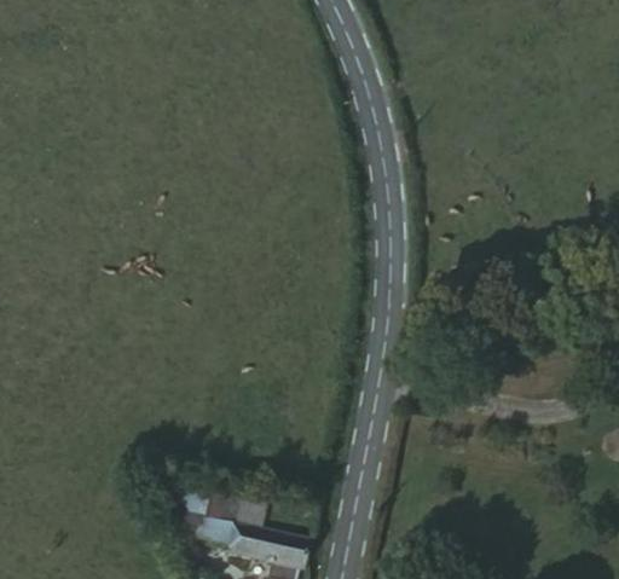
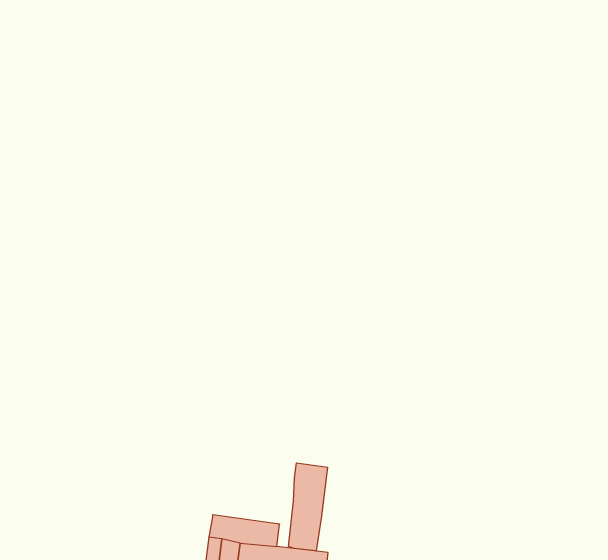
building: none -> [289,463,328,551]

